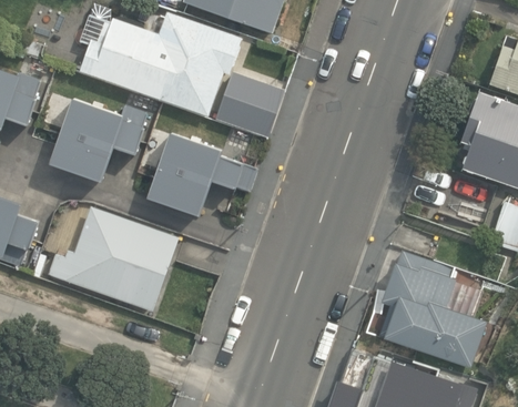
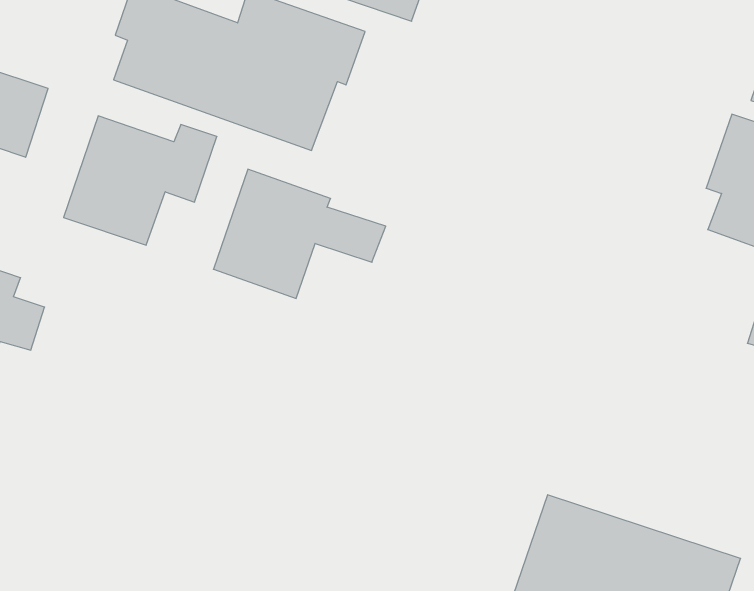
building: [216,85,274,135] -> none
building: [45,205,175,309] -> none
building: [382,252,486,373] -> none

